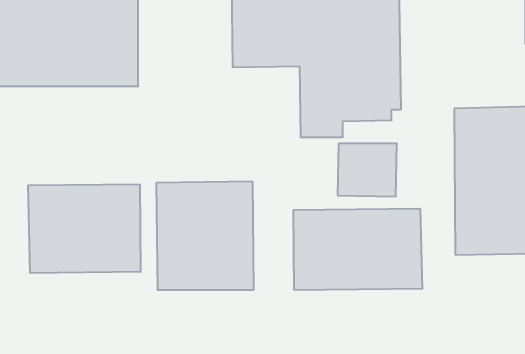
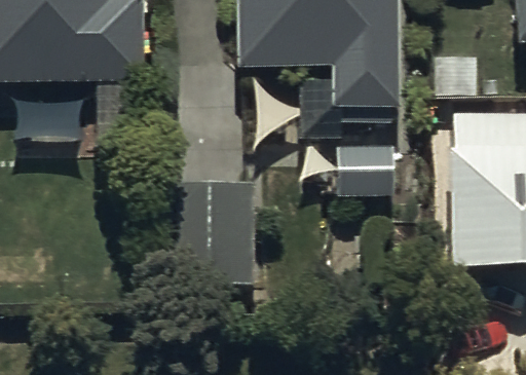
building: [28,184,141,273] -> none
building: [294,209,422,290] -> none

